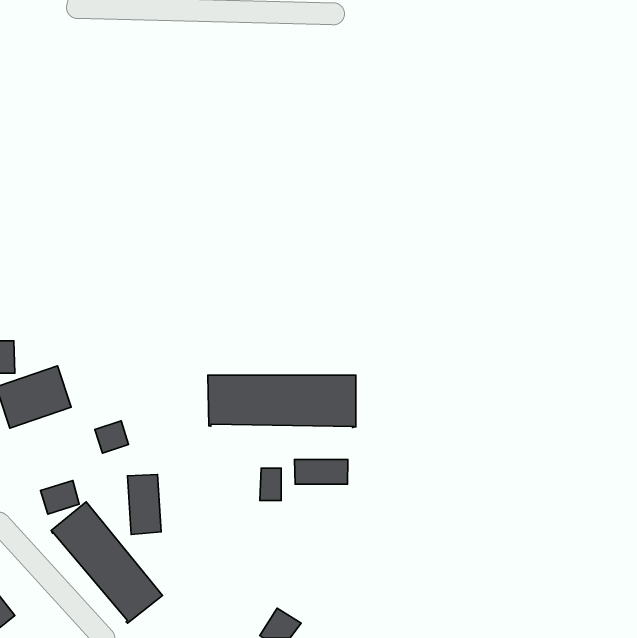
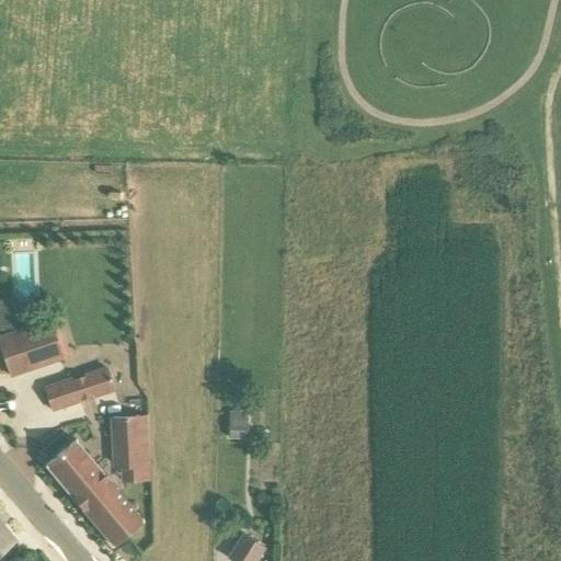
building: [208,375,356,427] -> none
building: [295,459,348,484] -> none
building: [40,481,79,514] -> [44,380,78,410]

